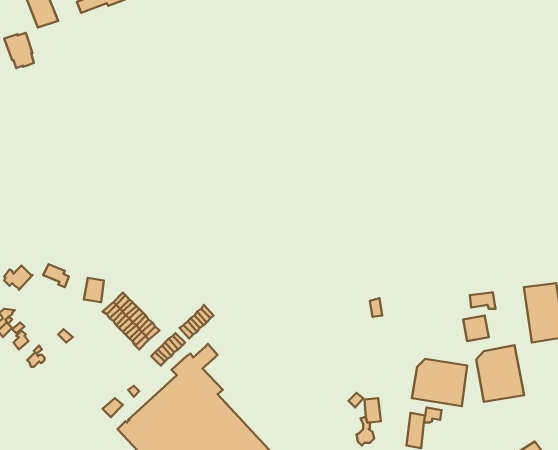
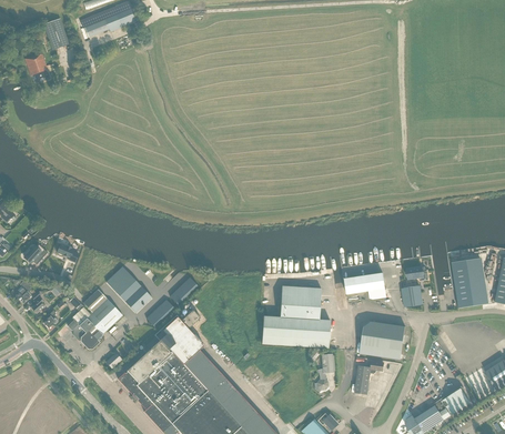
building: none -> [344,272,386,299]
building: none -> [262,284,330,346]
building: none -> [68,287,122,349]
building: [476,345,524,402] -> none

